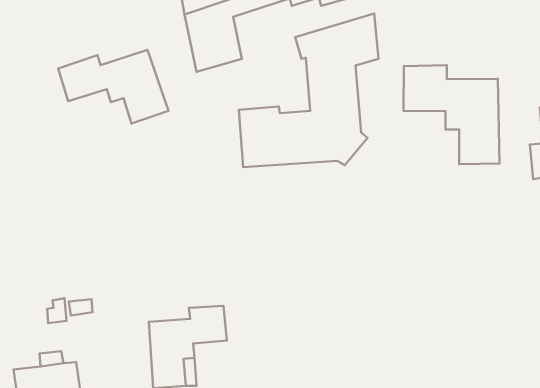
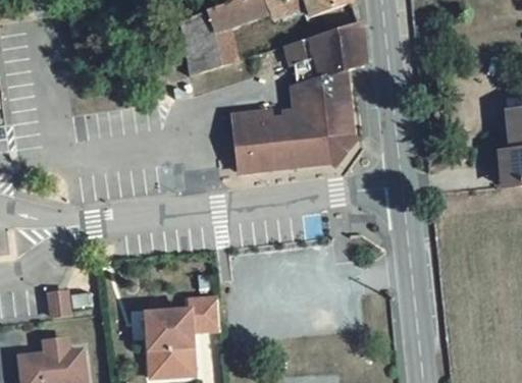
building: [58,50,169,124] -> none
building: [404,65,500,164] -> none

